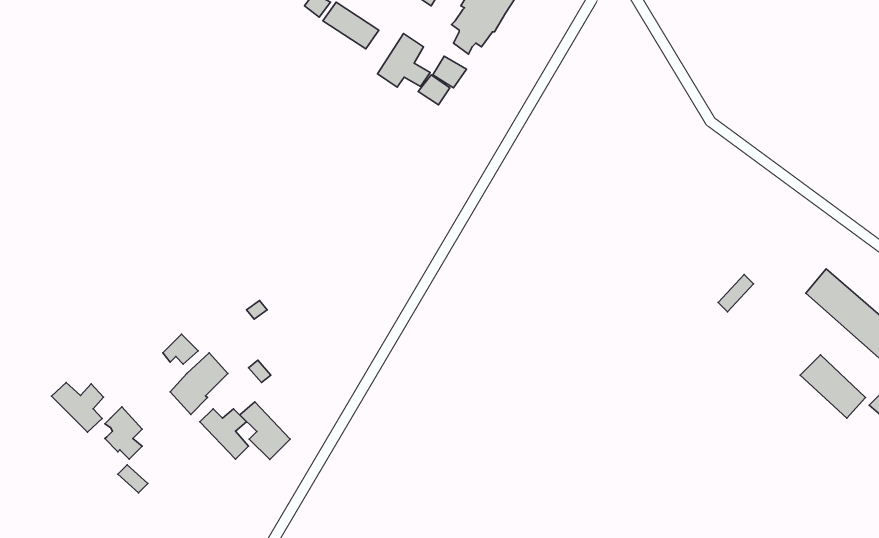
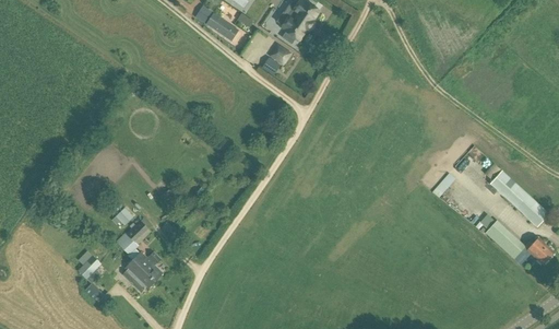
building: [377,34,430,87] -> none
building: [52,382,104,432] -> none
building: [240,402,290,460] -> [124,259,154,293]

